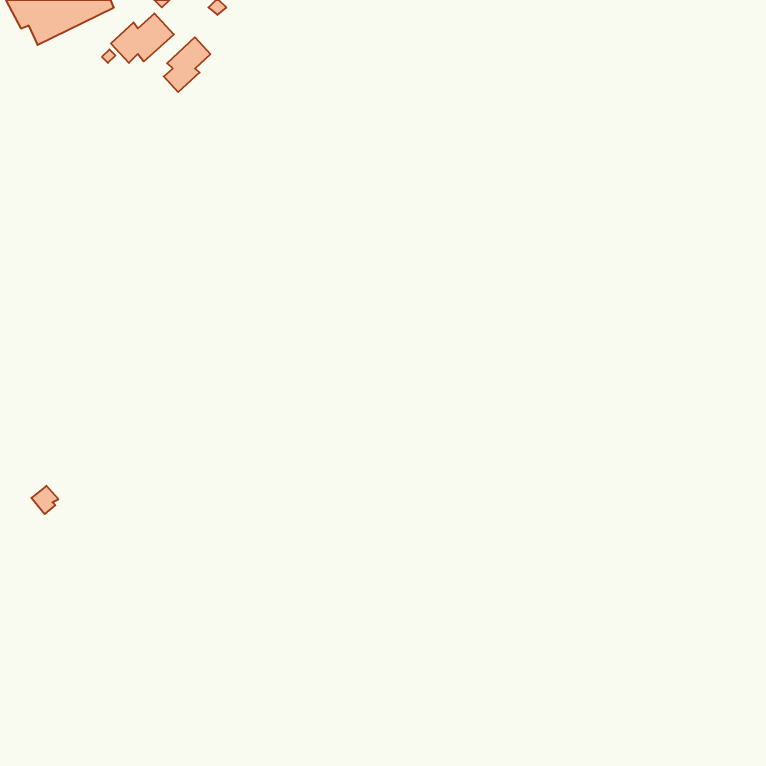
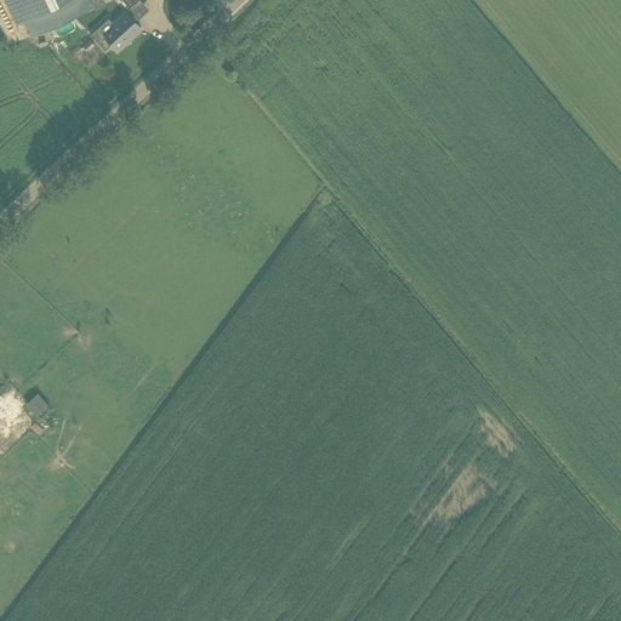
building: [164,37,210,92] -> none

